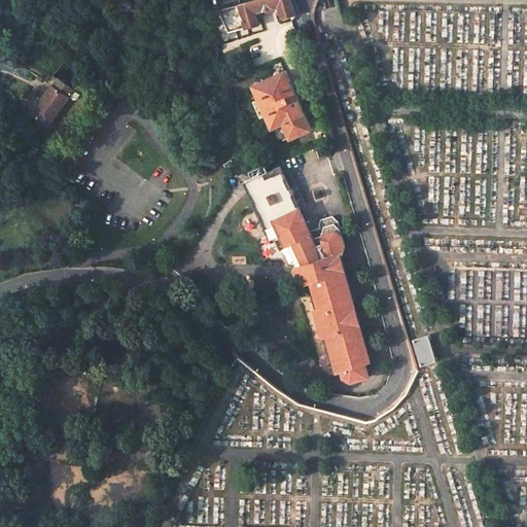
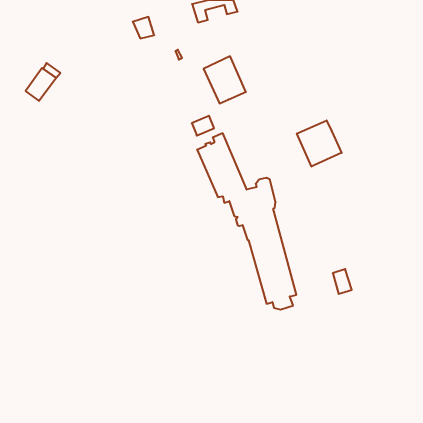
building: [219,5,246,32] -> [133,17,154,38]
building: [284,114,312,139] -> [192,116,214,136]
building: none -> [297,120,342,167]

